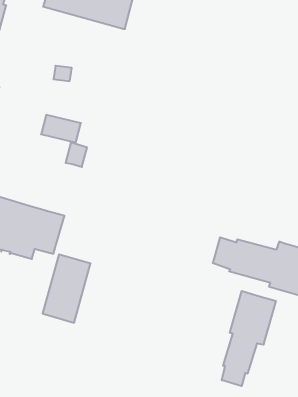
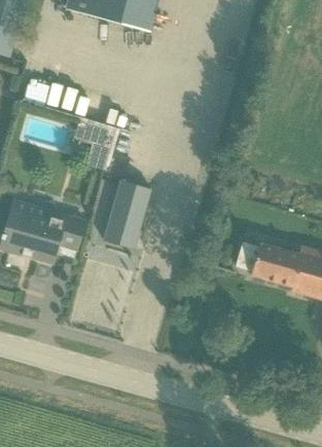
building: [43,254,91,323] -> [103,179,151,248]
building: [222,291,276,386] -> none

